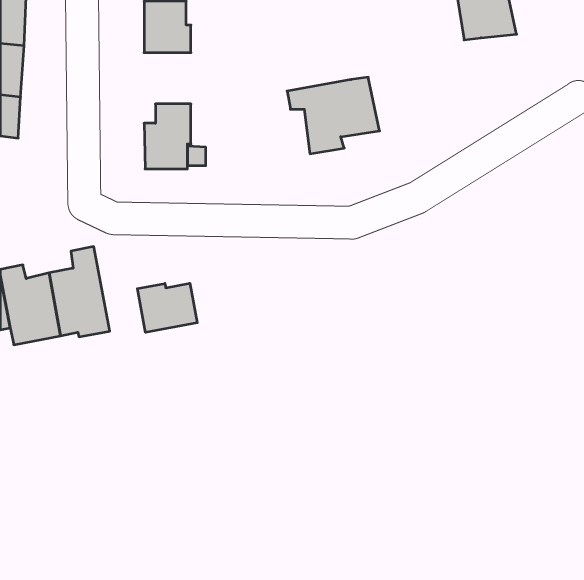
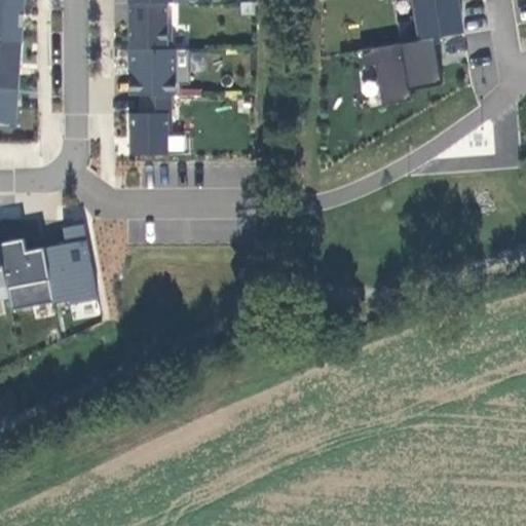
building: none -> [129,47,189,93]
building: [287,77,380,154] -> [360,34,443,103]
building: [137,283,197,332] -> none

